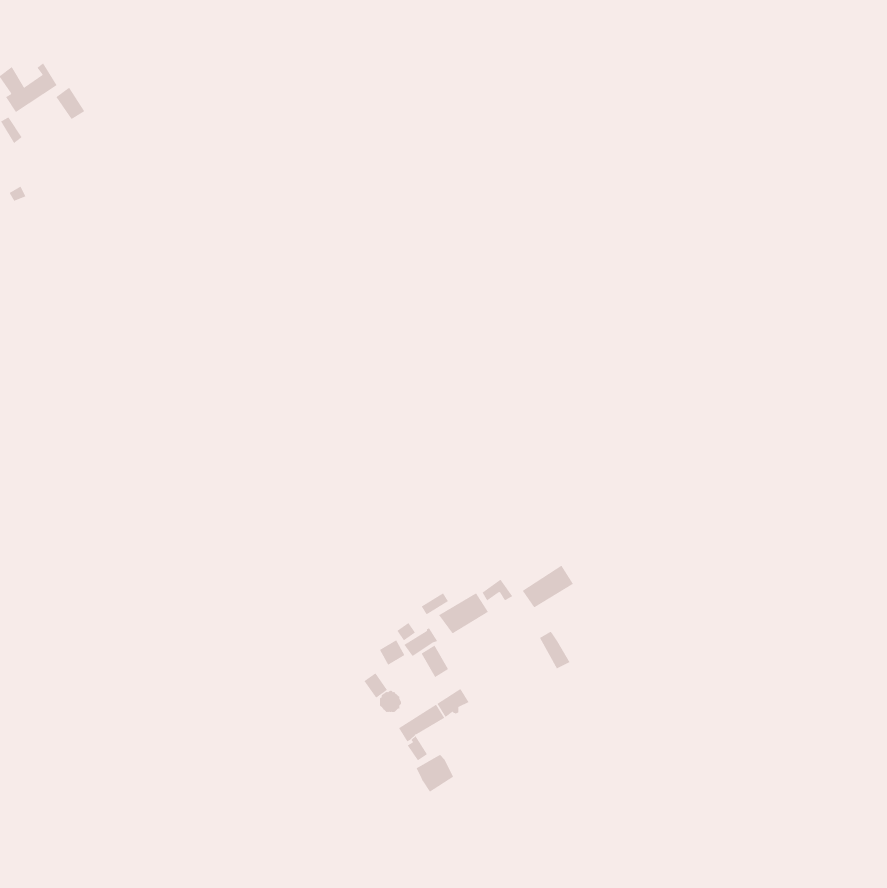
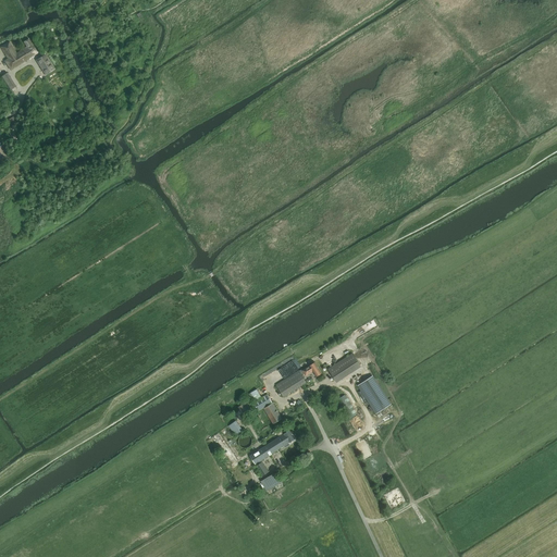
building: none -> [357,376,389,413]

